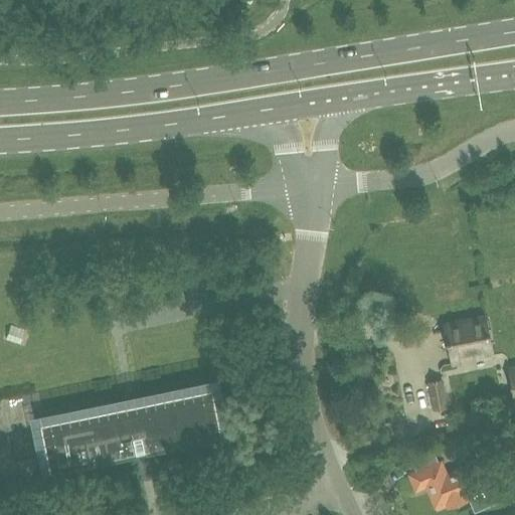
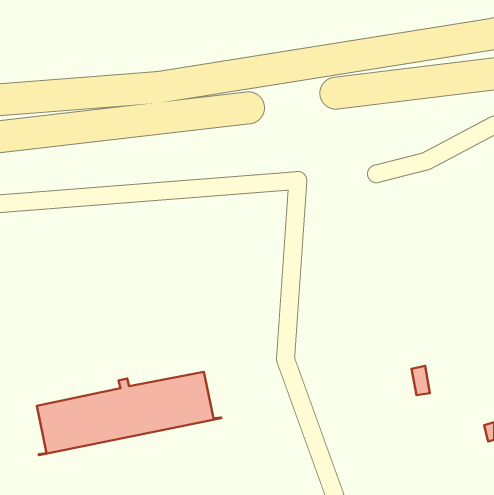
building: [443,316,491,364] -> none
building: [408,463,483,510] -> none

